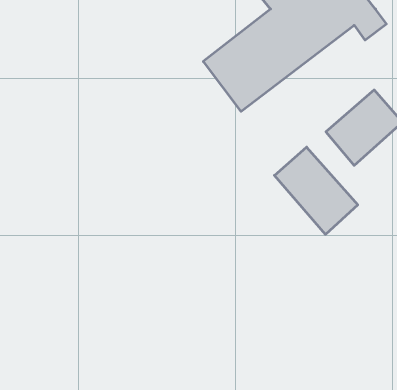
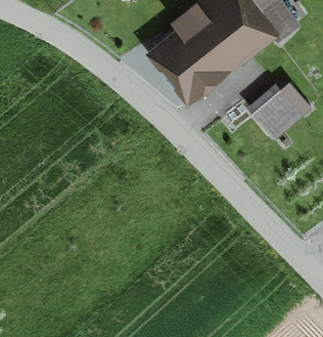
building: [274,147,358,234] -> none

